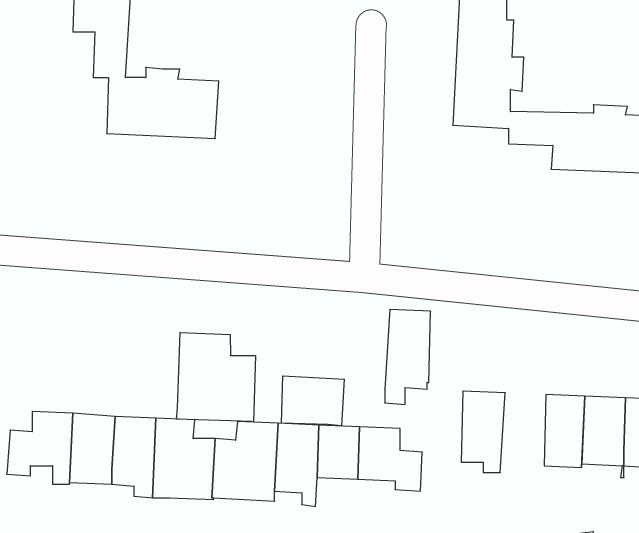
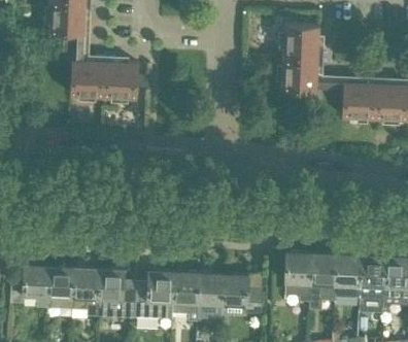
building: [385,310,431,404] -> [309,253,337,311]
building: [176,332,255,422] -> none
building: [282,376,344,426] -> none

